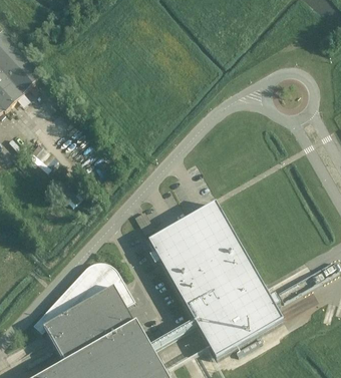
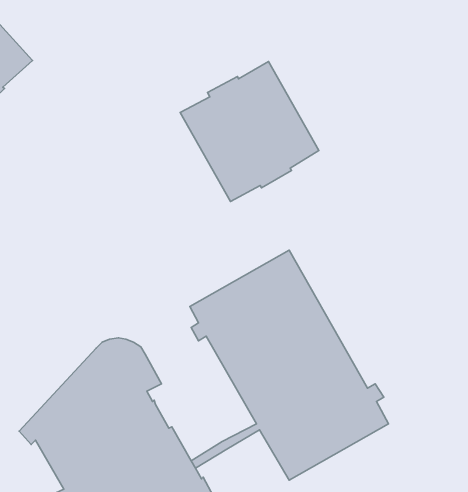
building: none -> [180,61,319,201]

